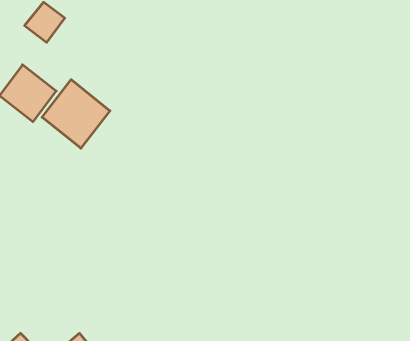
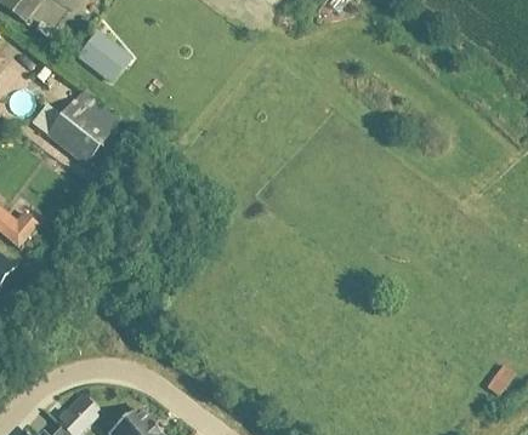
building: [42,80,110,148] -> none

